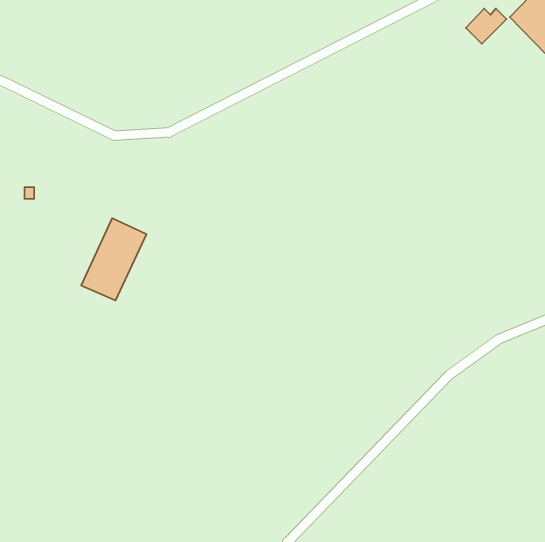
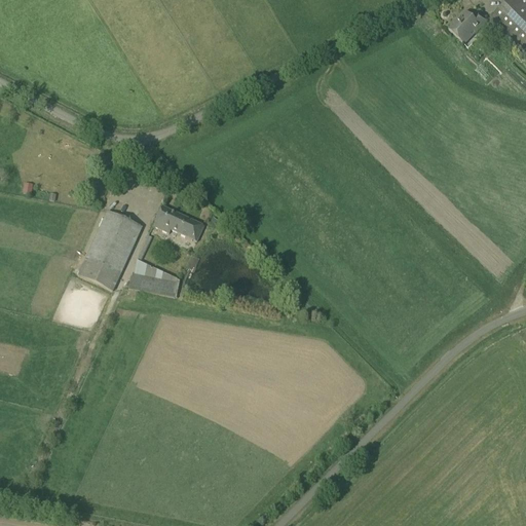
building: none -> [153,204,204,240]
building: none -> [128,259,180,296]

